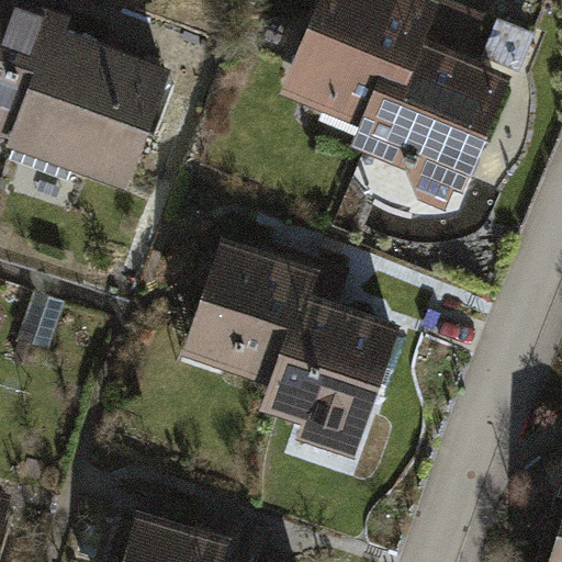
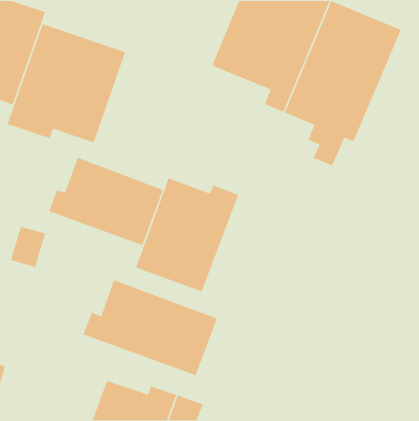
building: none -> [48,157,164,246]
building: [263,259,398,463] -> none
building: none -> [83,279,218,376]

